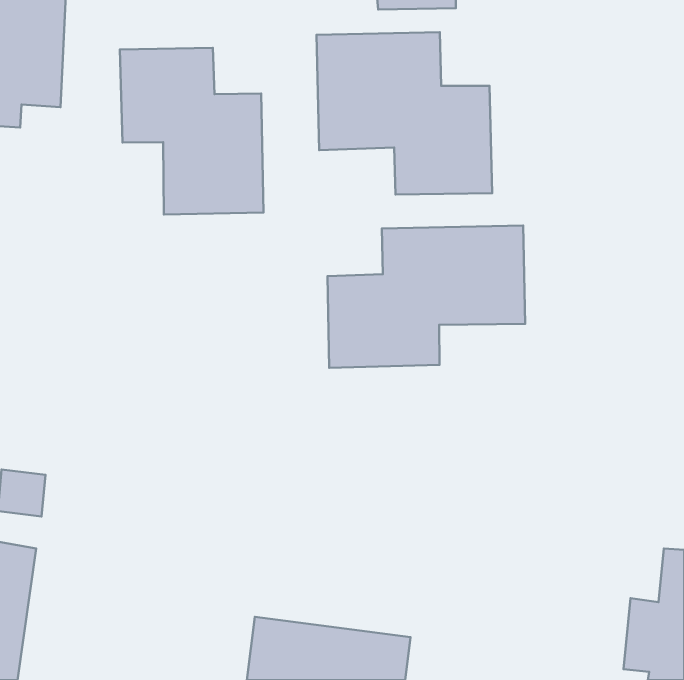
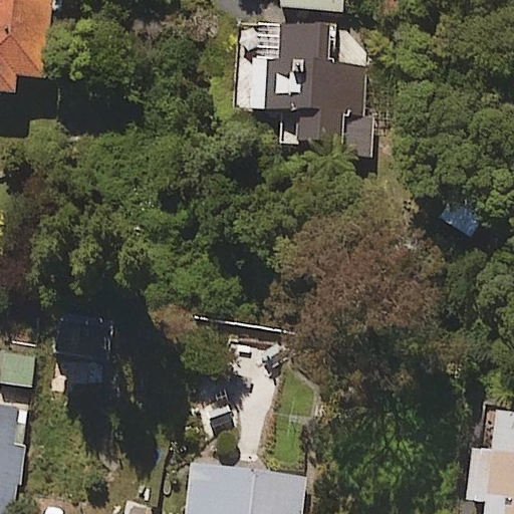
building: [120,48,264,215] -> none
building: [327,225,525,368] -> none

